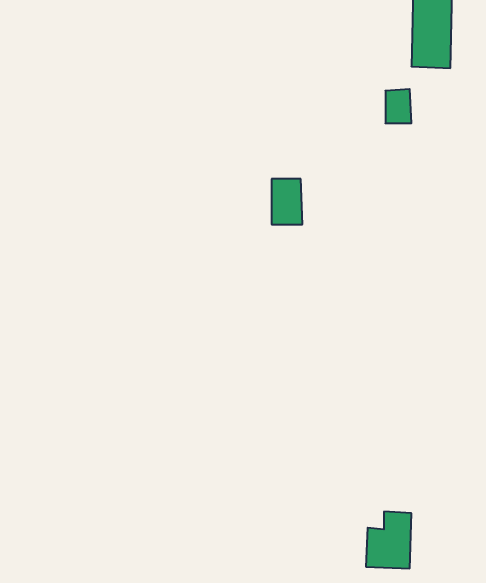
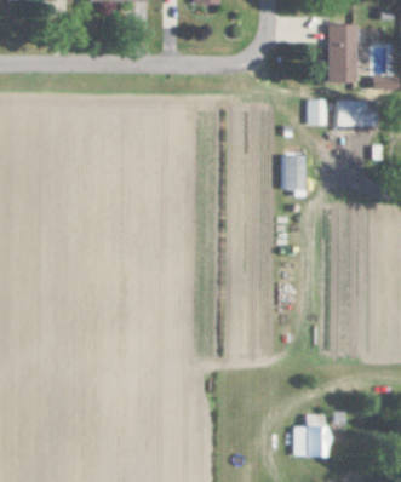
building: none -> [337,101,378,126]
building: [272,179,302,224] -> [283,156,307,190]

